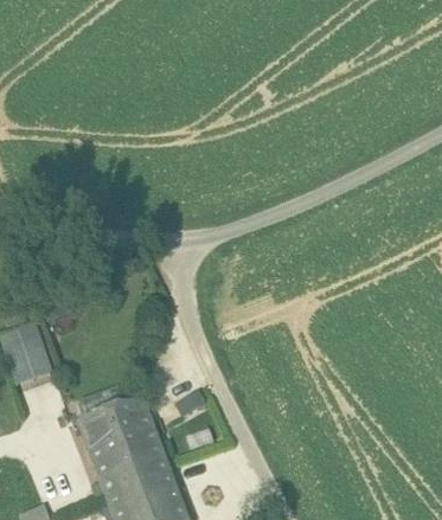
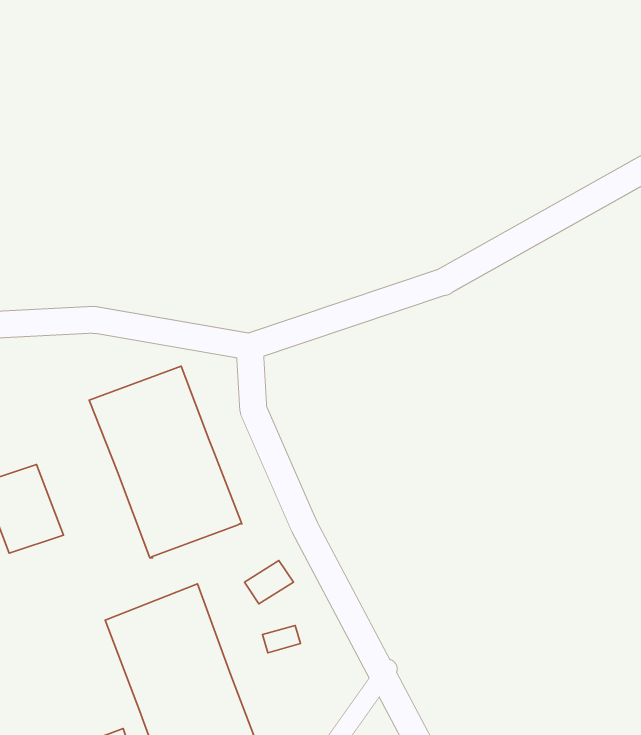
building: none -> [89,366,242,558]

